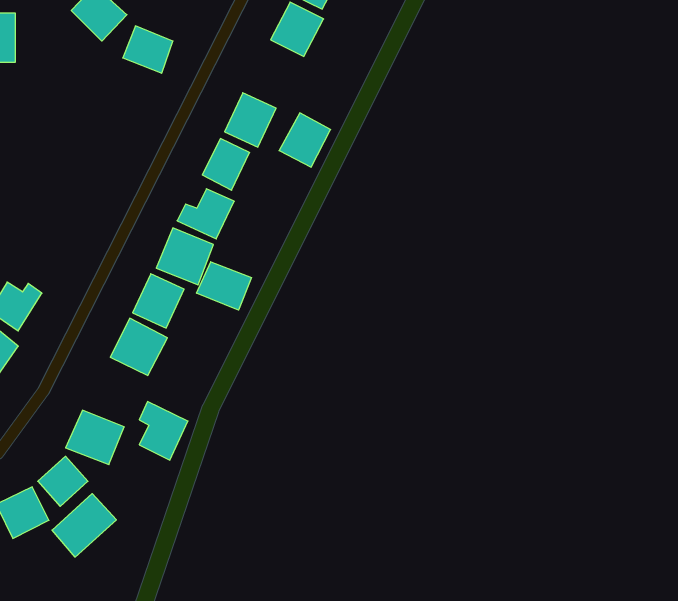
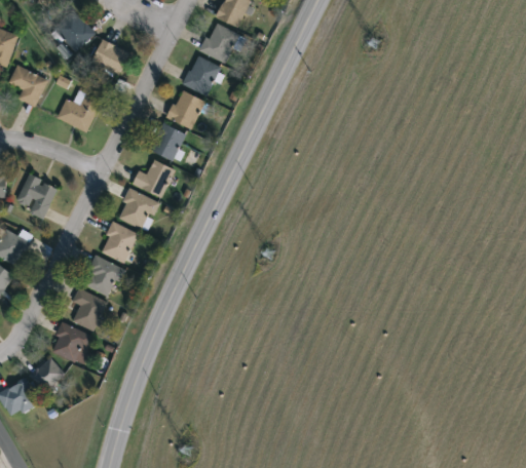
building: none -> [8,64,47,106]
building: none -> [57,89,101,130]
building: [279,113,331,167] -> [182,54,220,94]
building: none -> [14,172,58,217]
building: [197,262,252,310] -> none
building: [139,402,188,460] -> [72,287,108,330]
building: [52,494,116,557] -> none

